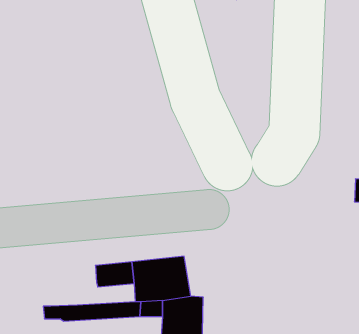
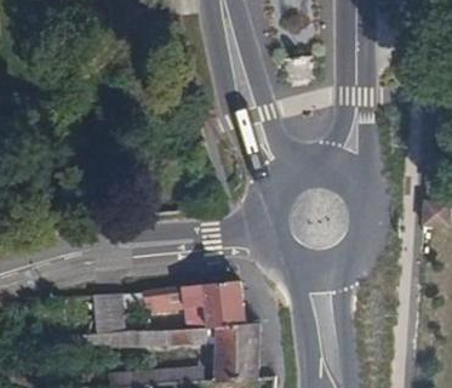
building: none -> [95,289,145,332]

